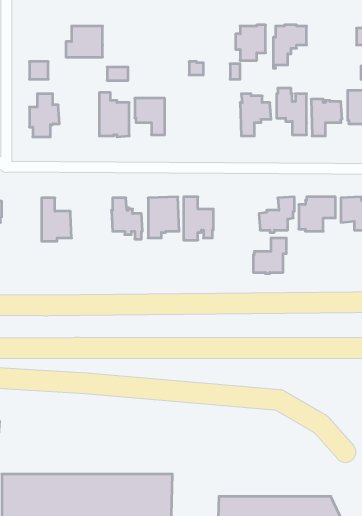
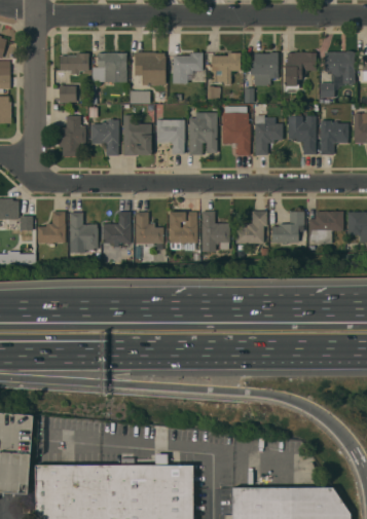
building: none -> [320,50,354,97]
building: none -> [135,51,166,85]
building: none -> [60,52,88,73]
building: none -> [173,52,204,83]
building: none -> [211,52,241,83]
building: none -> [189,112,217,154]
building: none -> [222,112,250,154]
building: none -> [90,118,119,154]
building: none -> [37,211,66,244]
building: none -> [103,211,131,247]
building: [253,238,286,274] -> [235,211,266,244]

